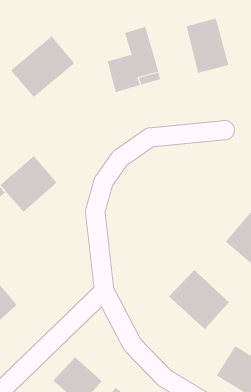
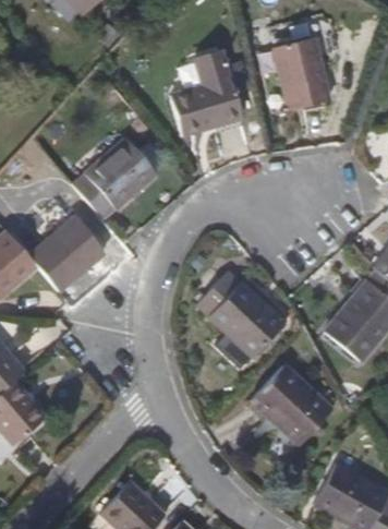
building: [10,36,75,98] -> [74,136,159,218]
building: none -> [196,270,286,369]

